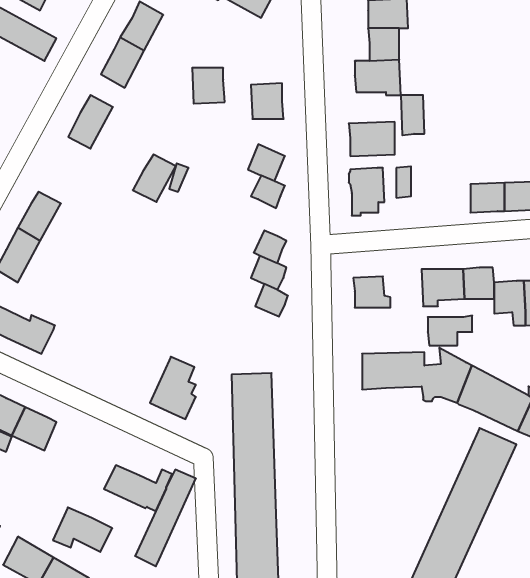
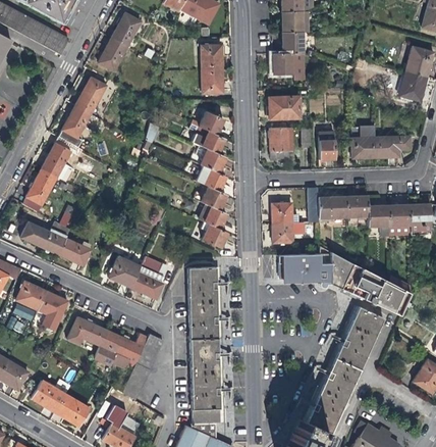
building: [192,68,225,104] -> [201,45,223,69]
building: [401,95,424,135] -> [319,132,335,159]
building: [133,154,176,202] -> [62,105,92,138]
building: none -> [200,148,226,173]
building: none -> [202,221,228,248]
building: [428,316,472,345] -> [273,221,304,242]
building: none -> [58,238,92,265]
building: none -> [109,246,147,288]
building: [53,507,112,552] -> [68,316,109,347]

